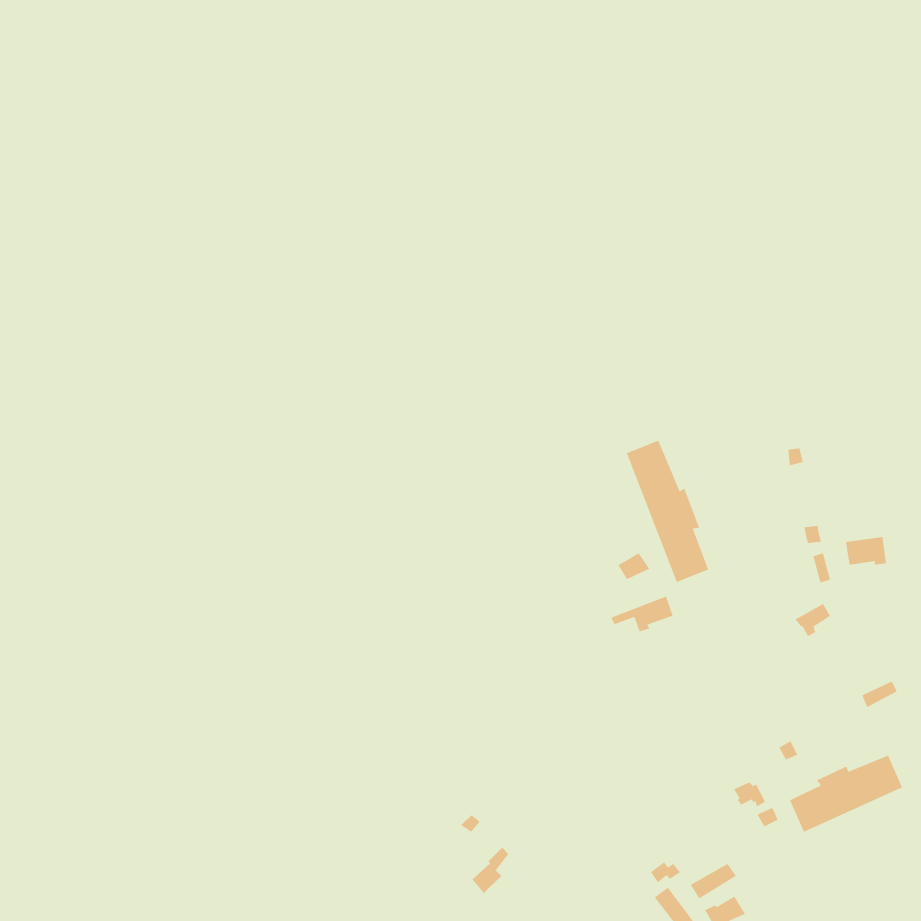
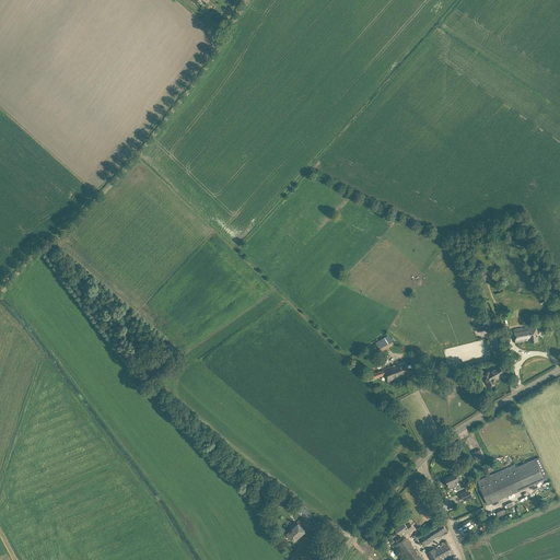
building: [626,440,709,583] -> none

